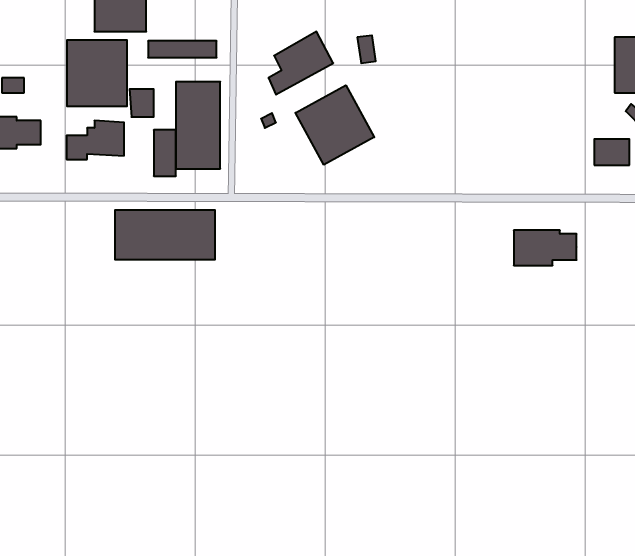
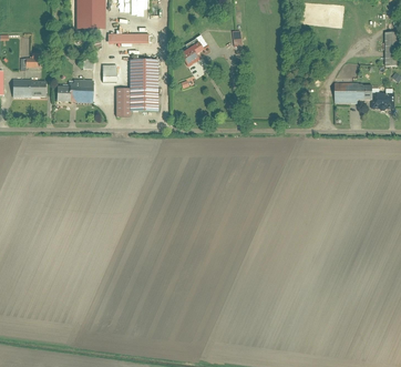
building: [67,40,127,106] -> none
building: [295,85,374,165] -> none
building: [115,210,215,260] -> none
building: [514,230,577,265] -> [338,82,376,103]

